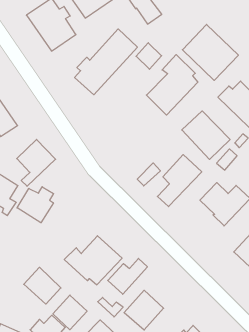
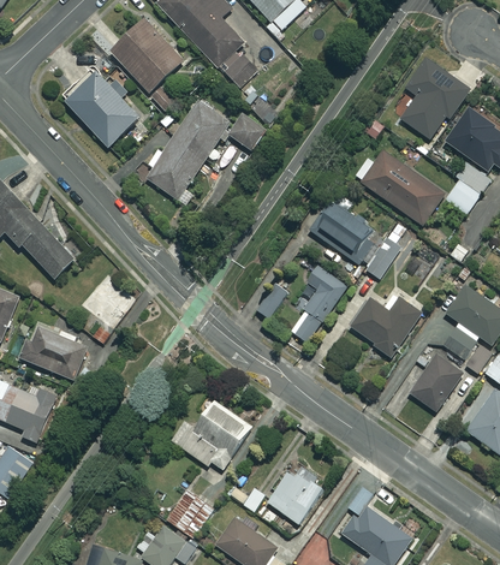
building: [182,24,238,80] -> none
building: [146,55,198,115] -> none
building: [17,187,54,223] -> none
building: [108,258,147,294] -> none
building: [24,267,61,304] -> none

